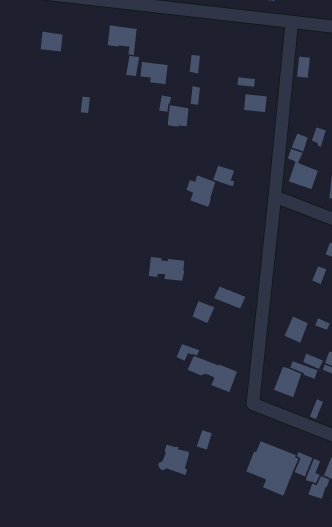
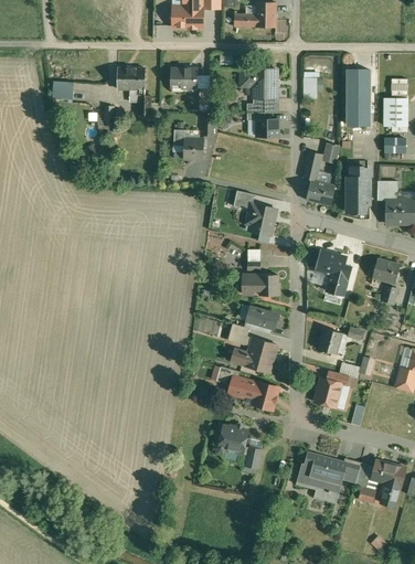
building: none -> [242,68,275,98]
building: [139,61,169,85] -> [170,68,196,88]
building: [186,174,217,208] -> [246,204,276,235]
building: none -> [316,251,345,278]
building: [148,256,185,282] -> [243,275,278,296]
building: none -> [238,338,276,373]
building: [158,444,190,476] -> [216,425,246,454]

